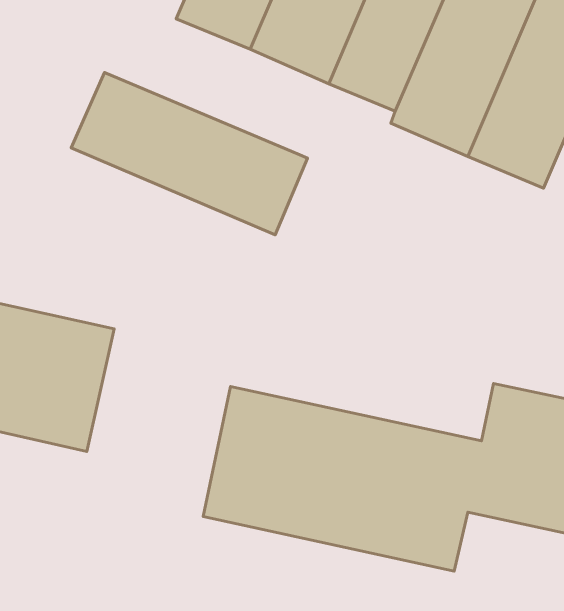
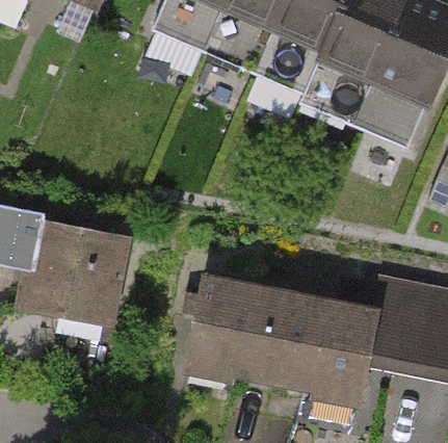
building: [71,72,307,235] -> none

